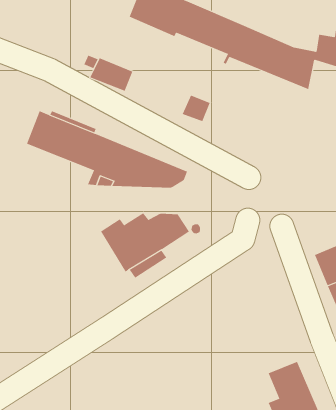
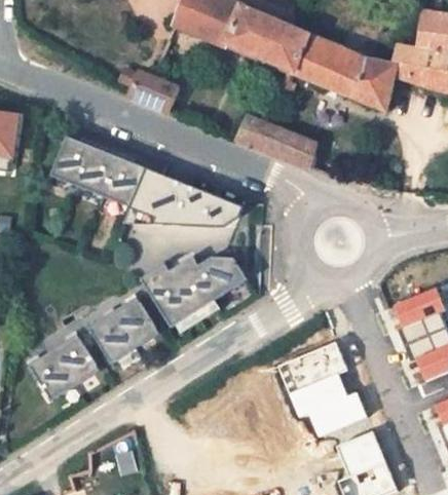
building: none -> [261,126,319,168]
building: none -> [88,299,158,364]
building: none -> [29,336,99,401]
building: none -> [277,342,367,436]

